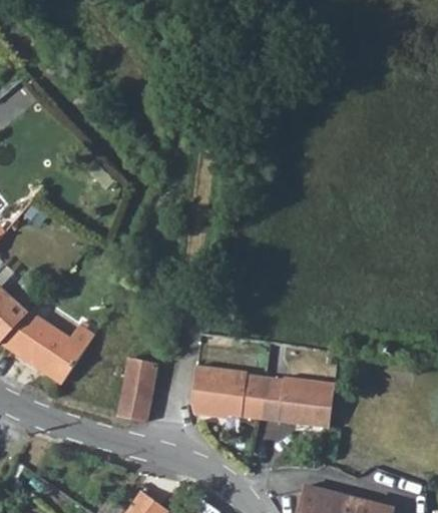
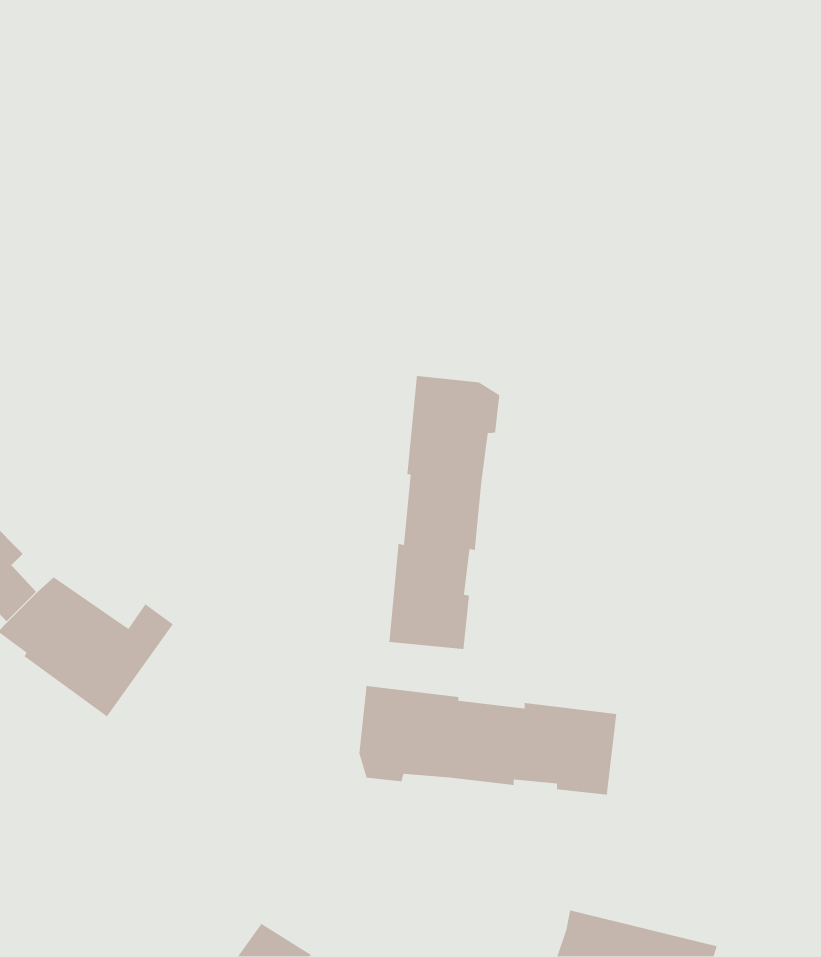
building: none -> [388,375,500,650]
building: [116,360,157,422] -> none

